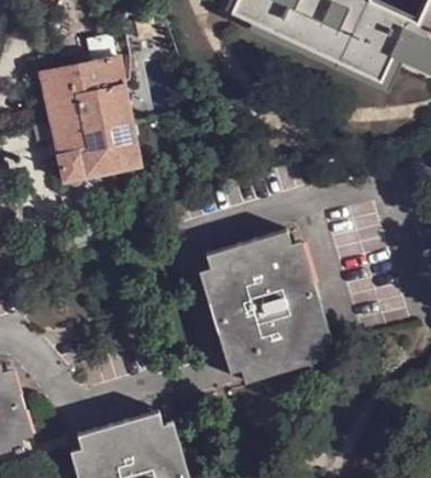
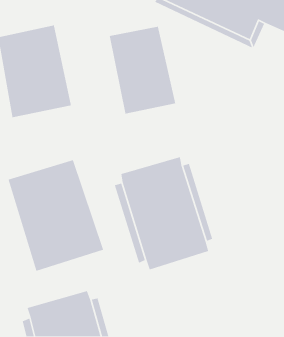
building: none -> [109,26,176,114]
building: none -> [8,159,104,272]

